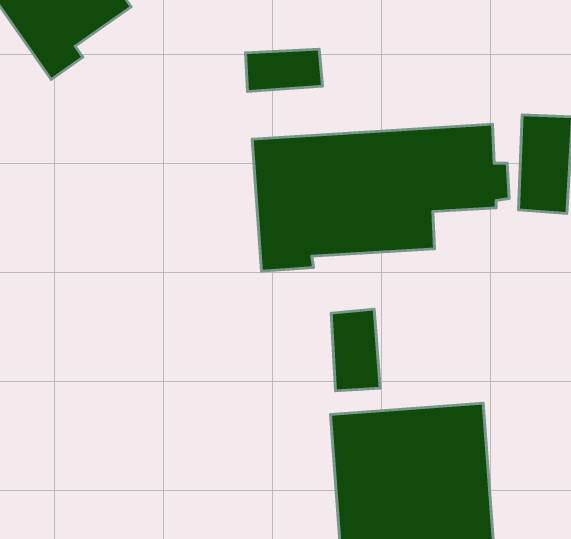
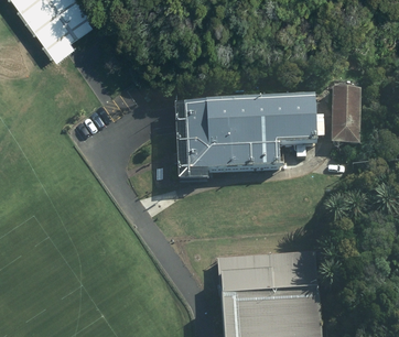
building: [245,49,323,92] -> none
building: [331,309,380,391] -> none

